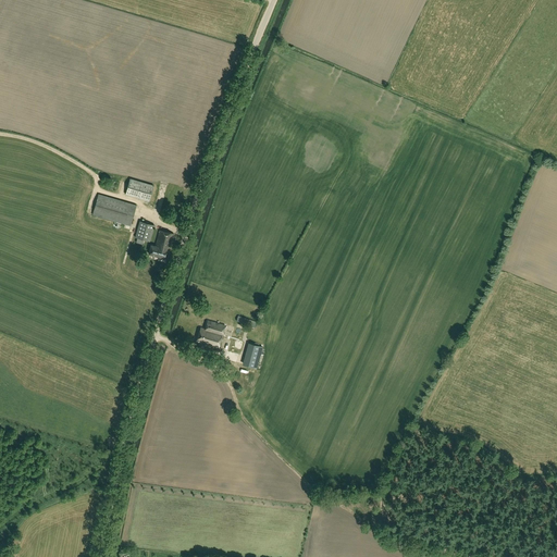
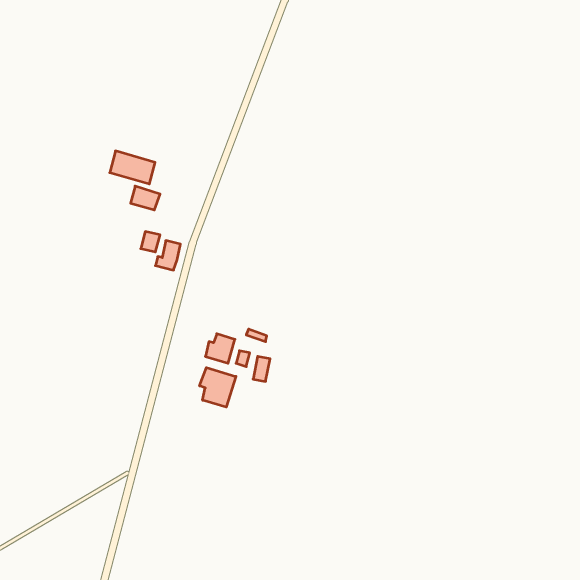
building: [92,195,136,226] -> [110,151,155,184]
building: none -> [200,368,236,407]

